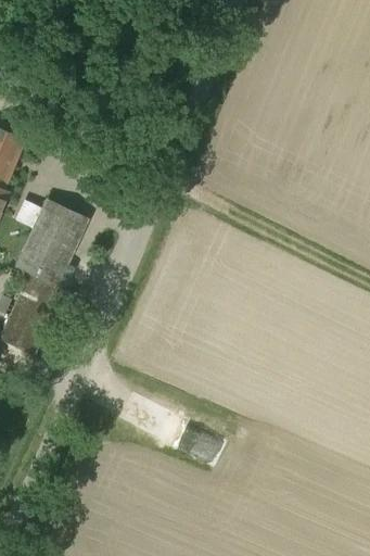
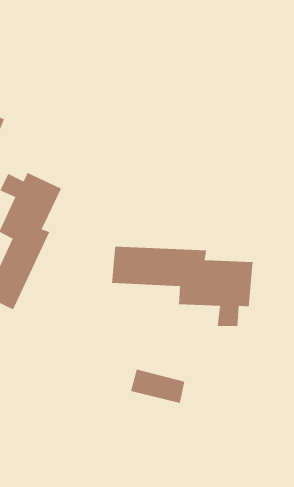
building: none -> [111,246,253,327]

